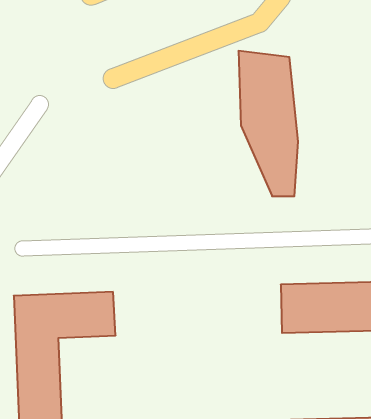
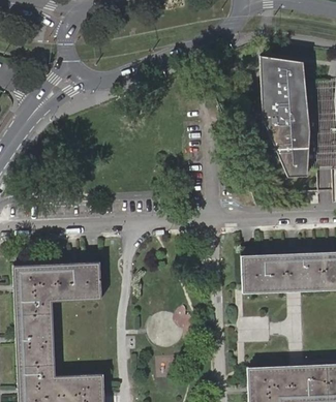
building: [238,51,298,196] -> [259,57,309,178]

